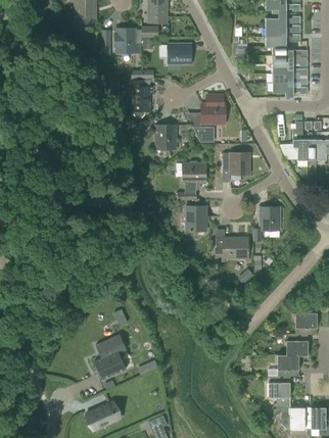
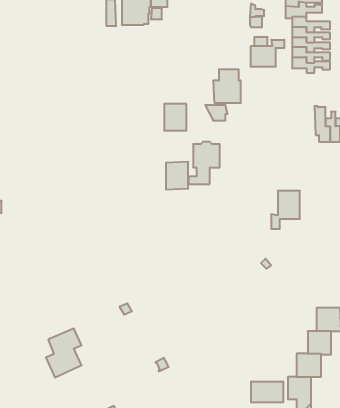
building: [168,44,192,64] -> none
building: none -> [251,40,284,67]
building: [131,81,153,116] -> none
building: [223,152,249,174] -> none
building: [186,205,206,231] -> [166,162,188,190]
building: [217,237,248,260] -> none
building: [94,334,127,379] -> [46,328,82,378]
building: none -> [251,381,283,402]

